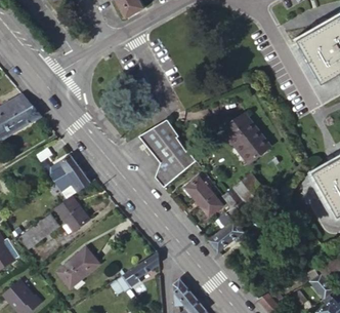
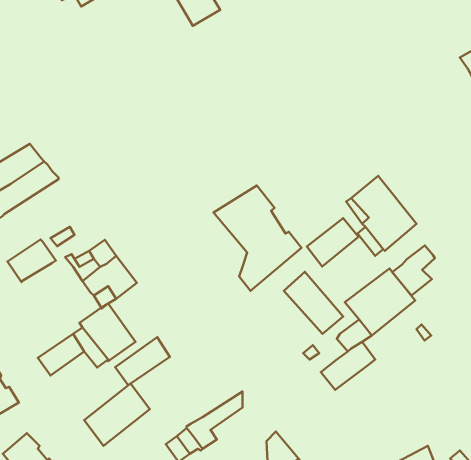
building: none -> [307,218,358,266]
building: none -> [7,239,56,282]
building: none -> [392,246,435,296]
building: none -> [115,337,170,385]

